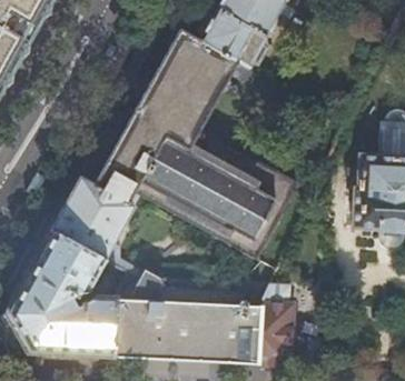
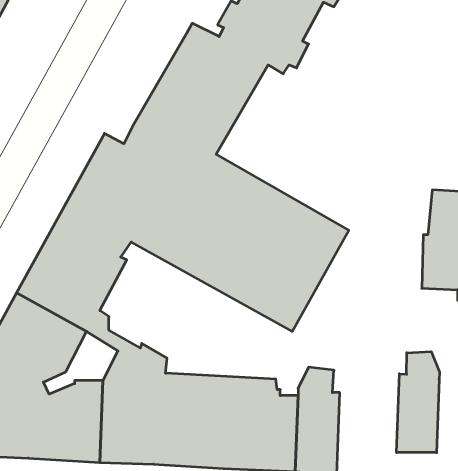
building: none -> [397,352,440,453]

